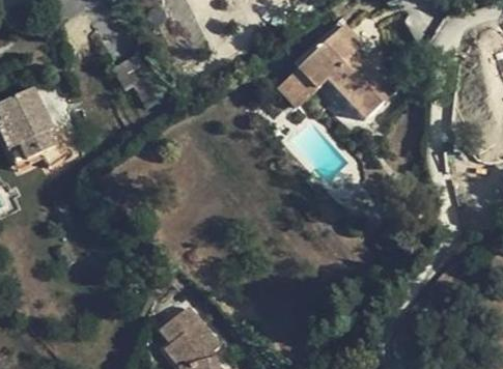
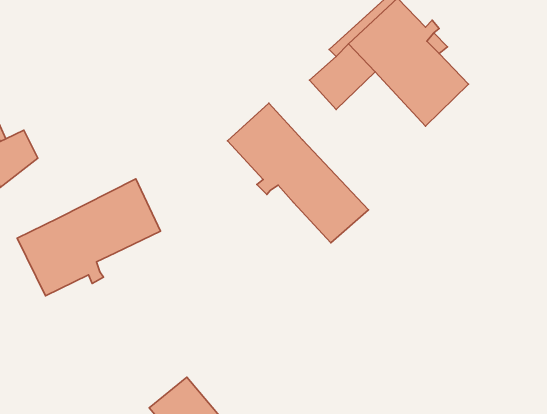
building: none -> [228,103,368,243]
building: none -> [17,179,160,296]

